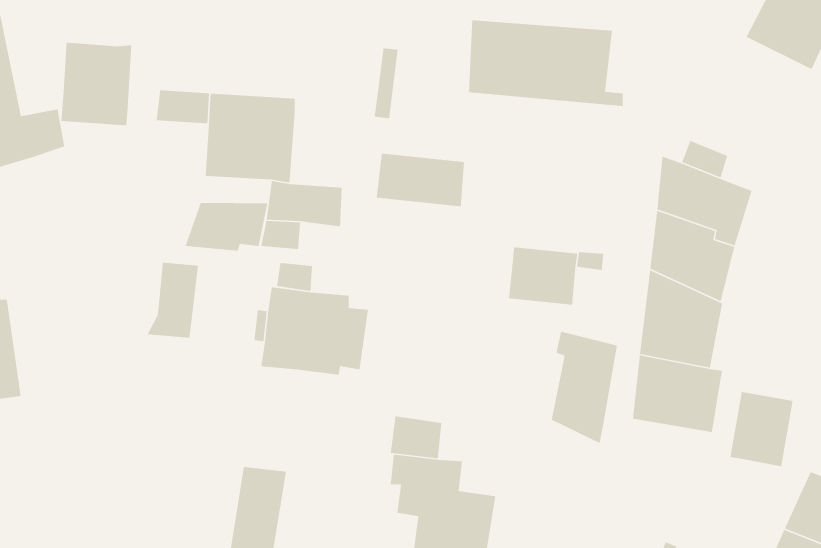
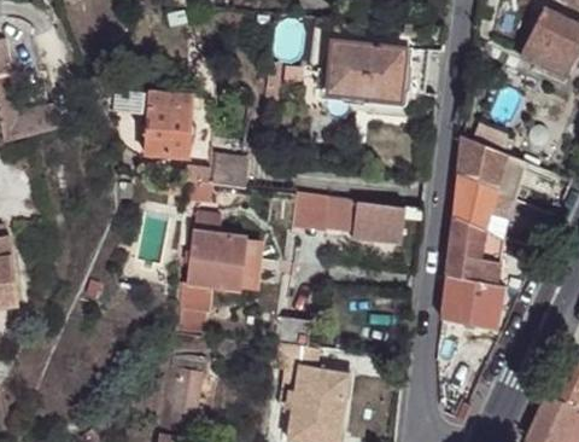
building: [61,42,132,126] -> none
building: [376,153,465,207] -> [292,193,353,231]
building: [185,202,268,251] -> none
building: [147,262,199,338] -> [172,284,209,337]
building: [551,331,618,444] -> none
building: [730,391,793,467] -> none

